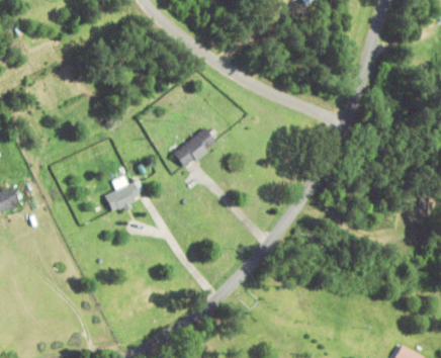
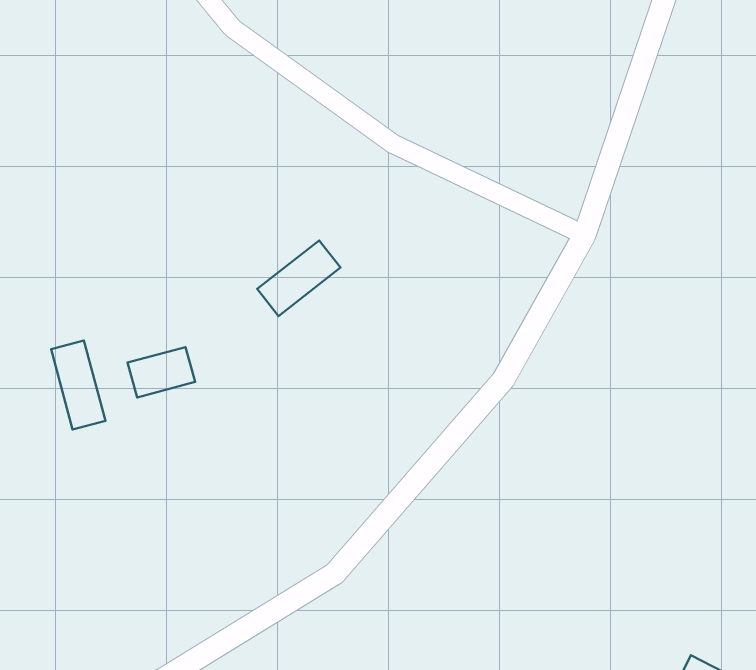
building: none -> [51,340,105,429]

